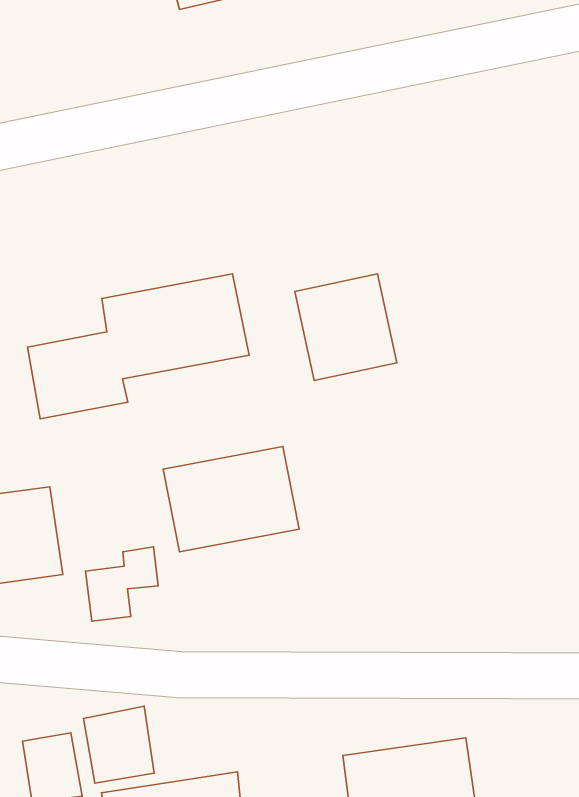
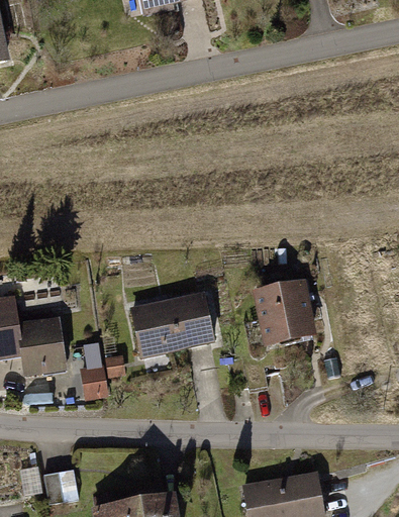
building: [295,274,397,381] -> [251,279,314,345]
building: [28,274,249,419] -> none
building: [84,706,154,783] -> none

